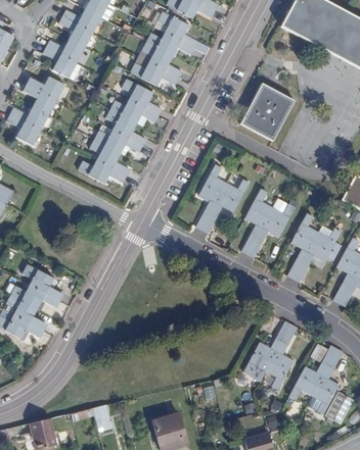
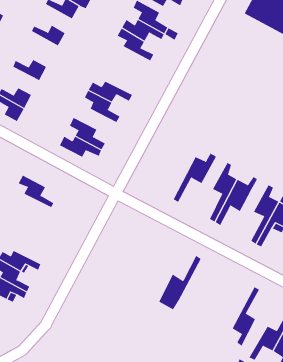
building: [58,15,92,47] -> none
building: [43,45,77,78] -> none
building: [130,61,178,86] -> none
building: [122,79,162,114] -> none
building: [239,83,294,141] -> none
building: [22,84,56,114] -> none
building: [93,130,141,152] -> none
building: [196,162,227,229] -> none
building: [21,263,61,299] -> [18,175,54,208]
building: [244,319,291,380] -> [158,255,201,310]

